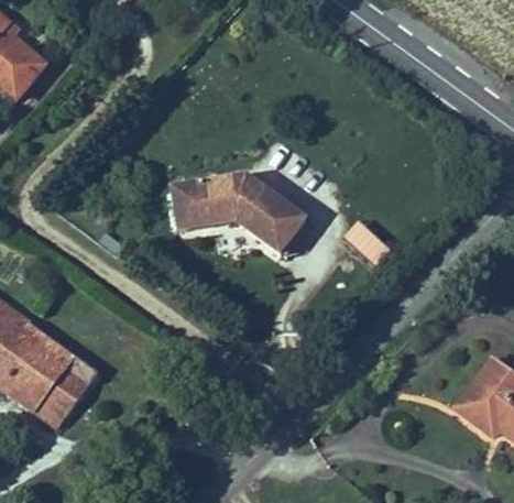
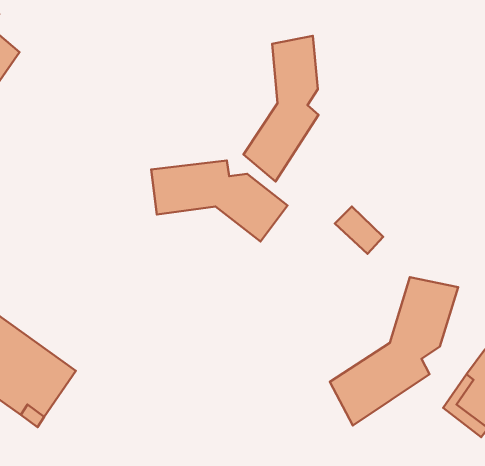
building: none -> [243,36,318,182]
building: none -> [330,277,458,426]

